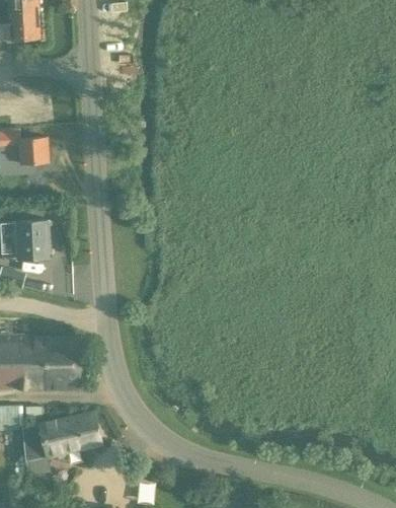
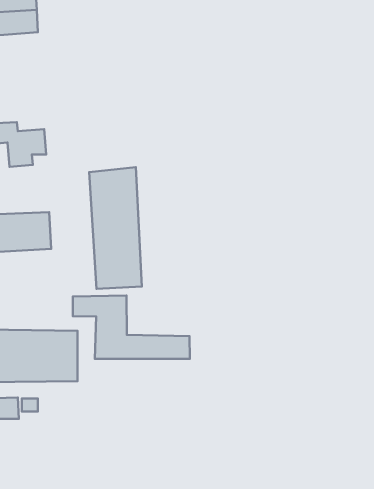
building: none -> [89,167,142,289]
building: none -> [73,295,190,359]
building: [21,412,101,476] -> none

